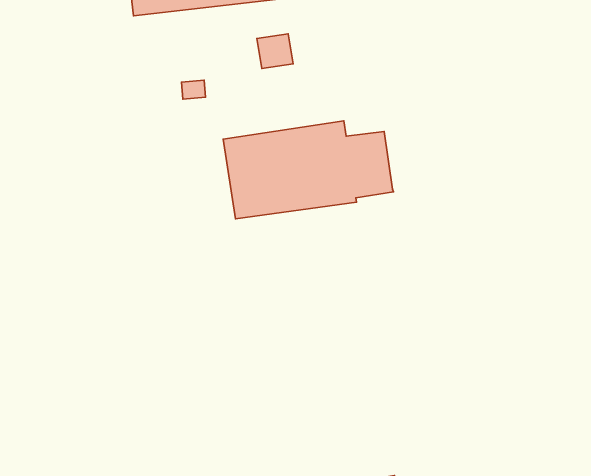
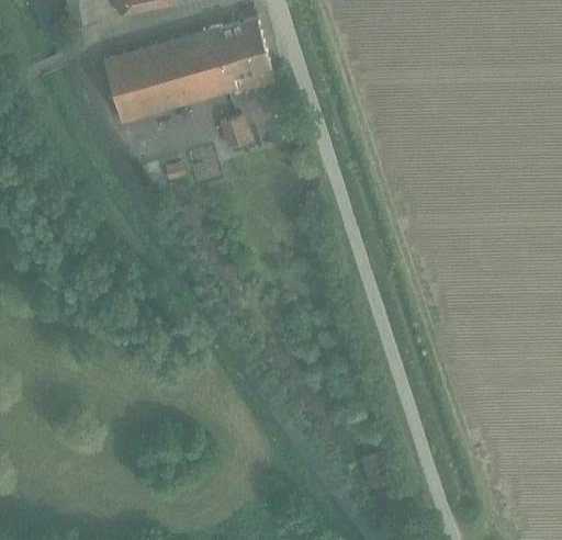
building: [223,121,393,219] -> none

